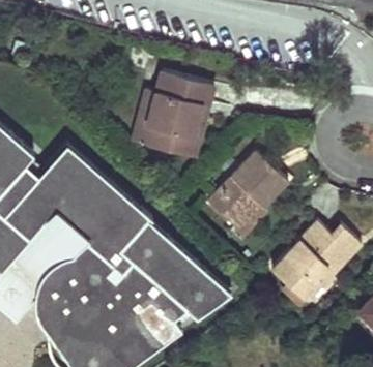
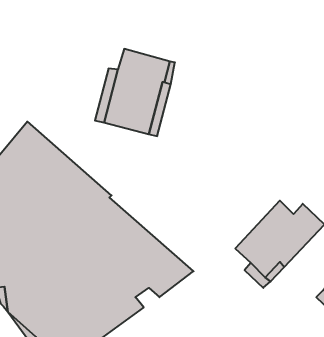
building: [208,154,289,226] -> none

